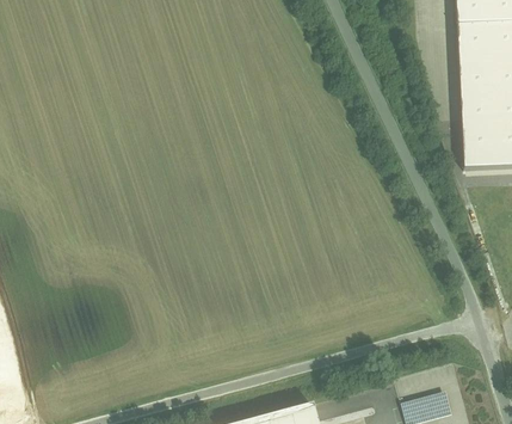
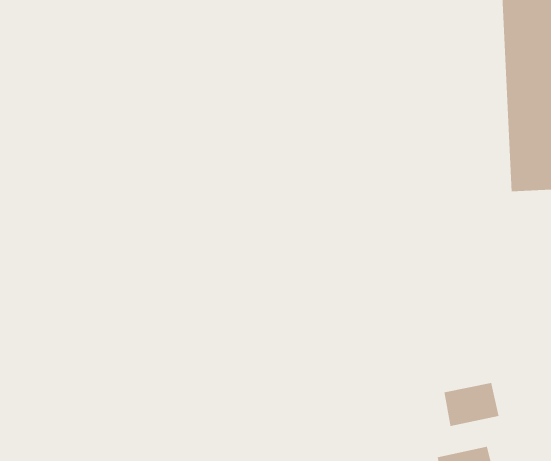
building: none -> [444,382,499,427]

